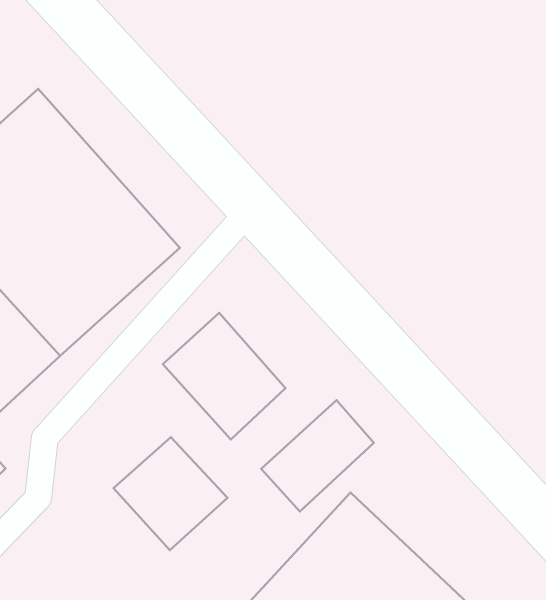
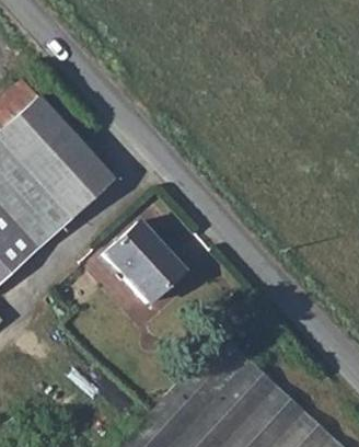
building: [261,400,374,512] -> none
building: [113,437,227,550] -> none

